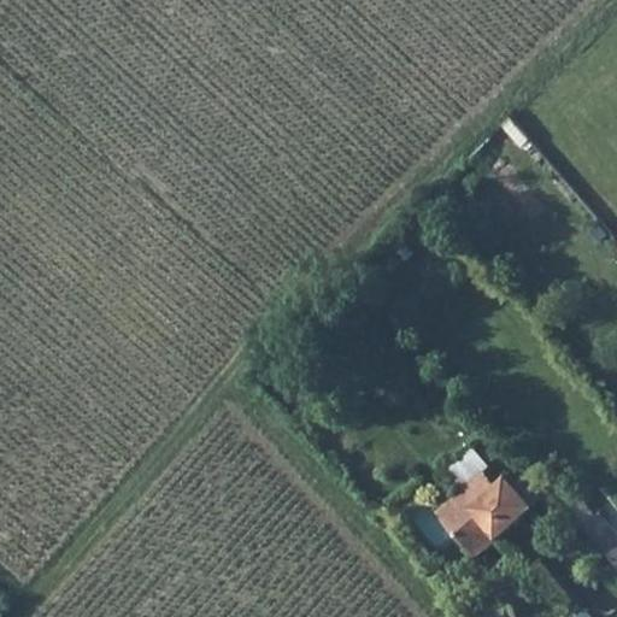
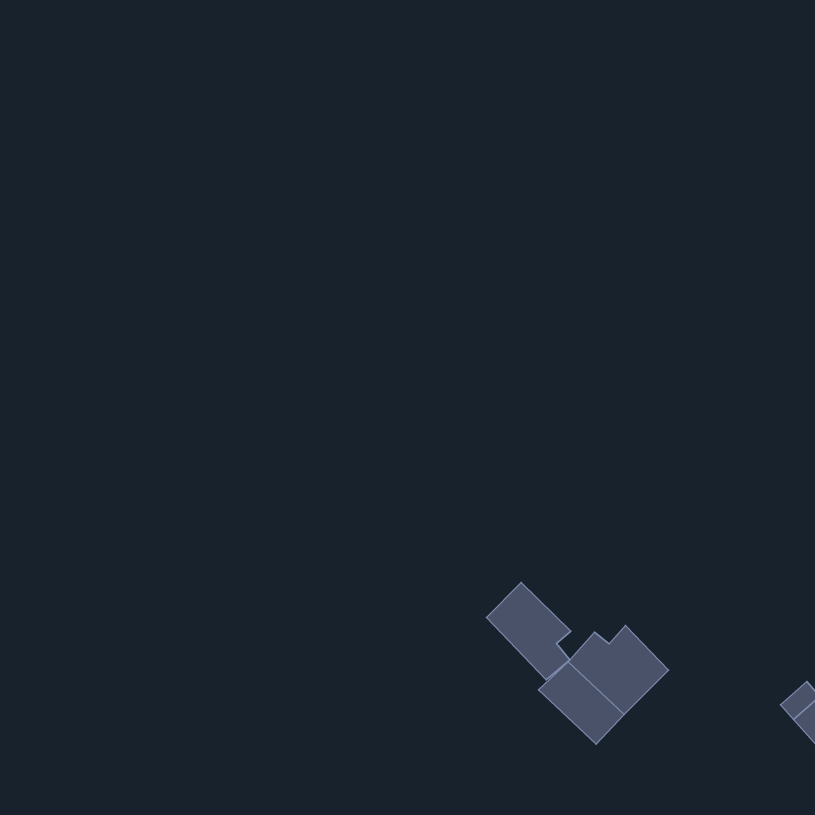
building: none -> [486,583,571,680]

